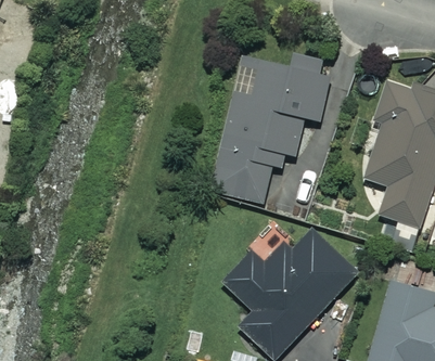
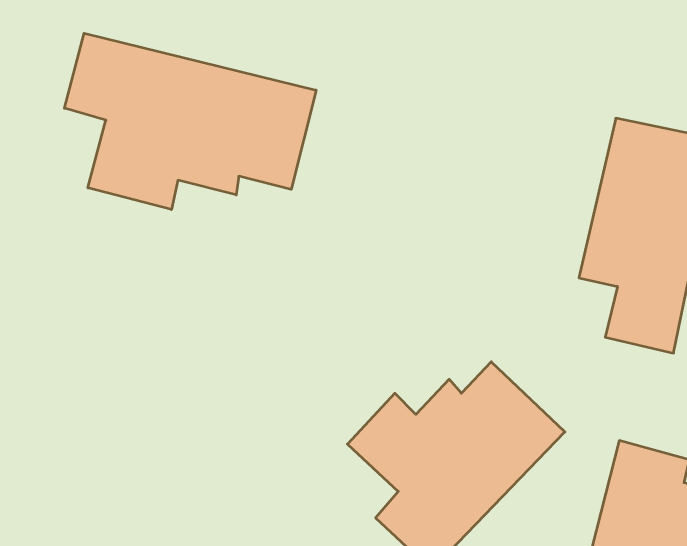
building: none -> [64,33,316,210]
building: [209,44,333,207] -> none

